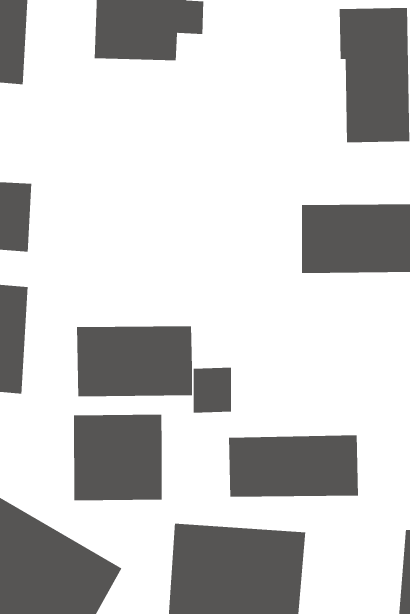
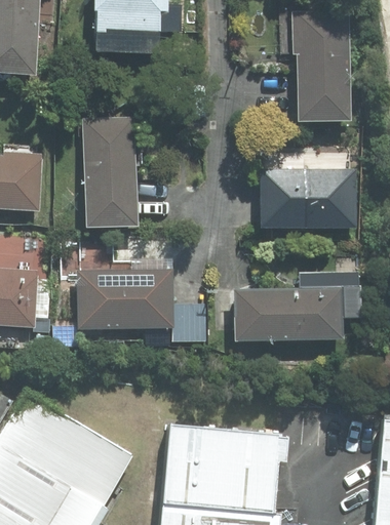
building: none -> [85,118,136,226]
building: [73,414,163,501] -> none
building: [228,435,359,497] -> [236,288,343,339]

